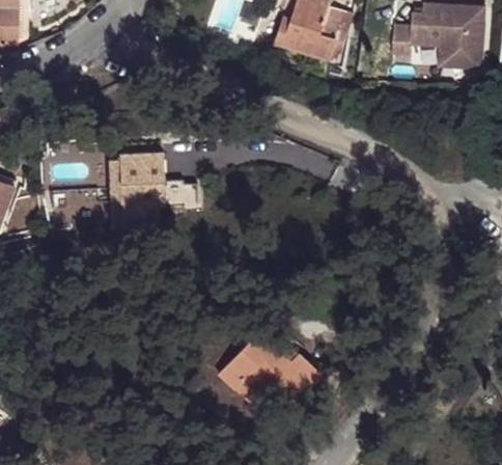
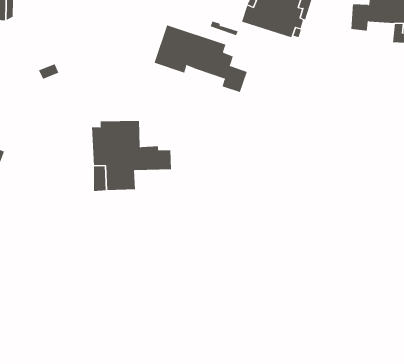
building: none -> [154,25,248,93]
building: [219,329,319,412] -> none

